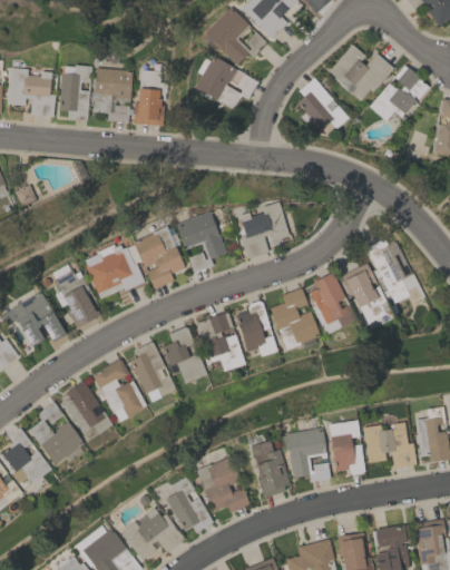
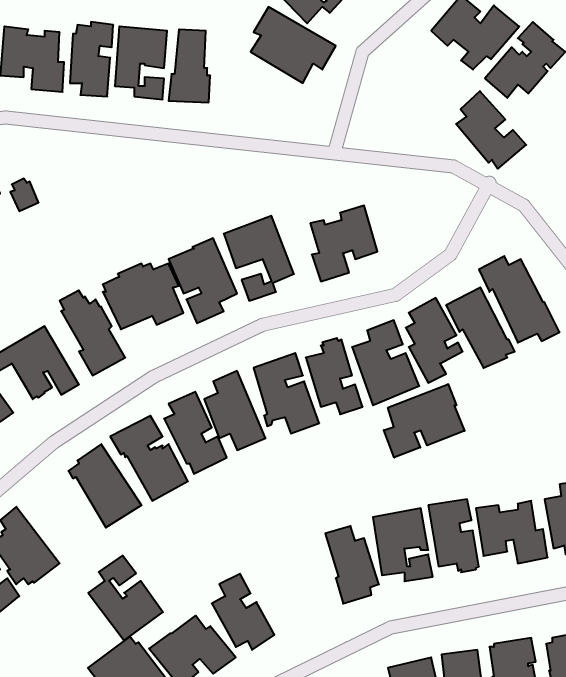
building: [296,78,349,136] -> [456,91,526,169]
building: none -> [384,384,465,458]
building: [29,402,85,465] -> [88,556,163,641]
building: [196,456,250,513] -> none

